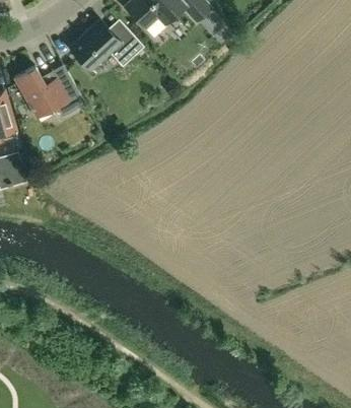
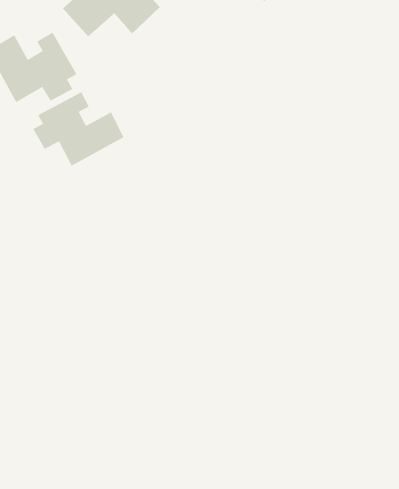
building: none -> [32,92,124,166]

